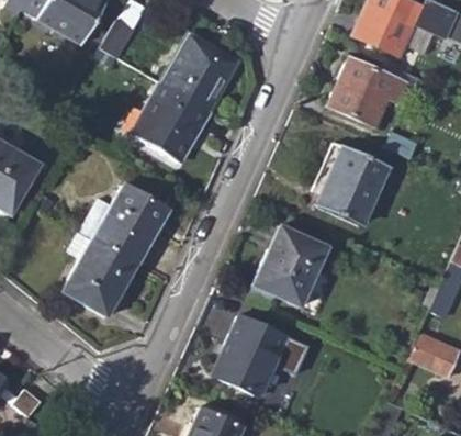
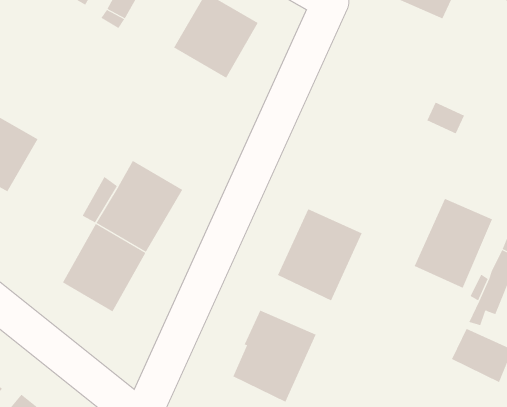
building: [328,55,421,127] -> none
building: [131,82,207,161] -> none
building: [317,146,387,226] -> [414,198,493,288]

